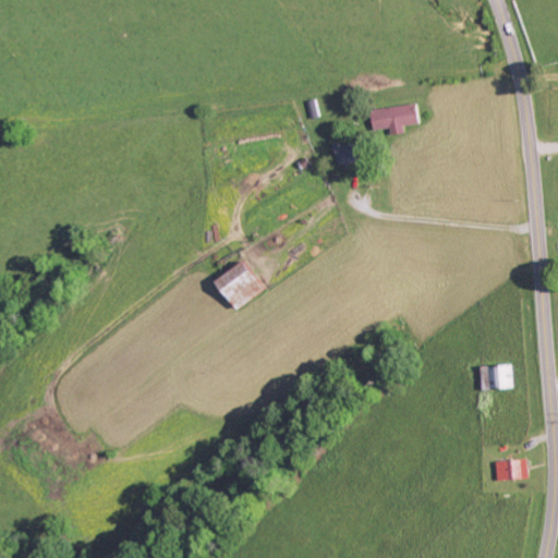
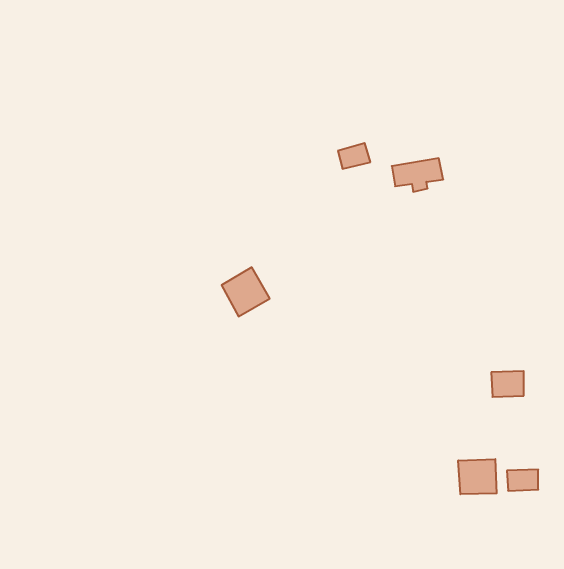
building: [367,102,417,135] -> [392,158,443,192]
building: none -> [458,459,497,494]

